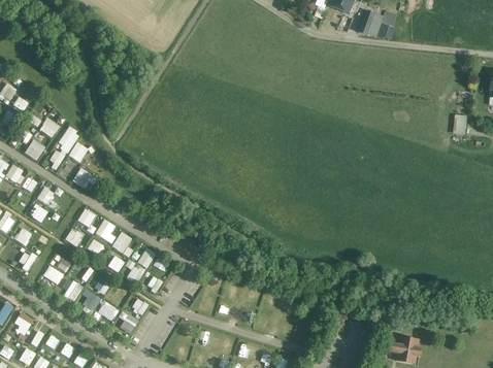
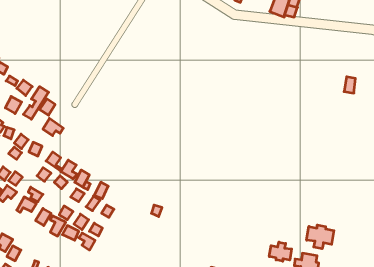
building: none -> [307,225,334,249]
building: none -> [269,242,292,261]

